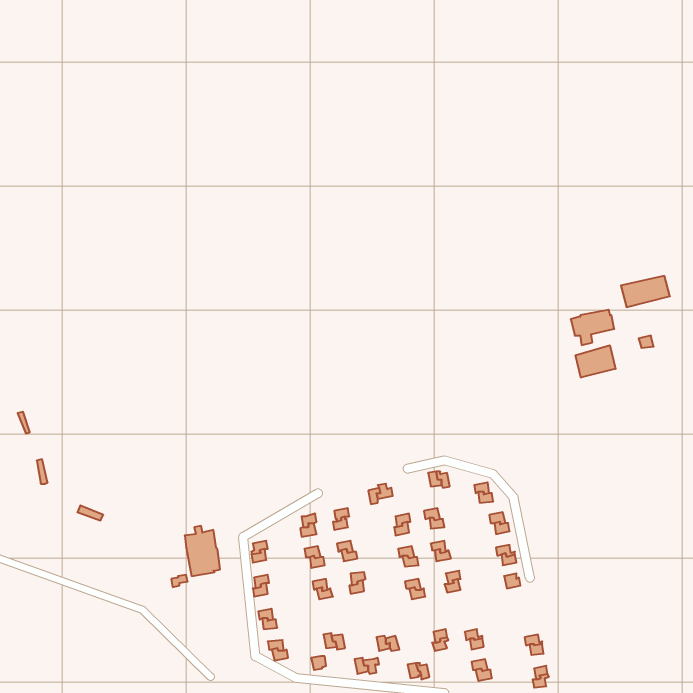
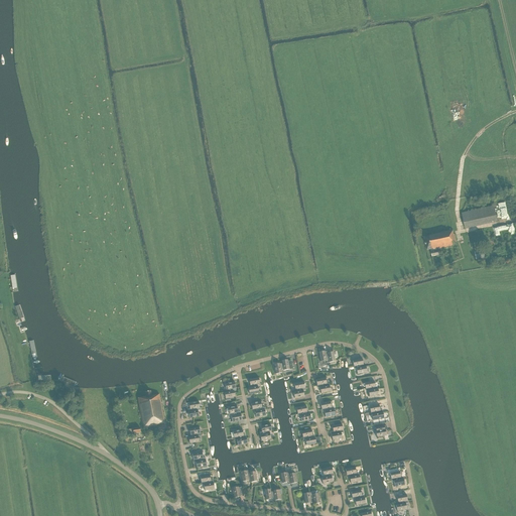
building: [576,345,616,378] -> none

